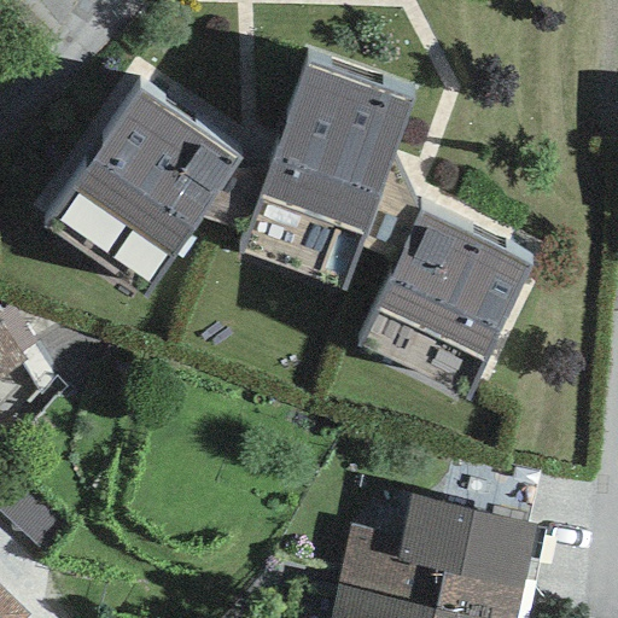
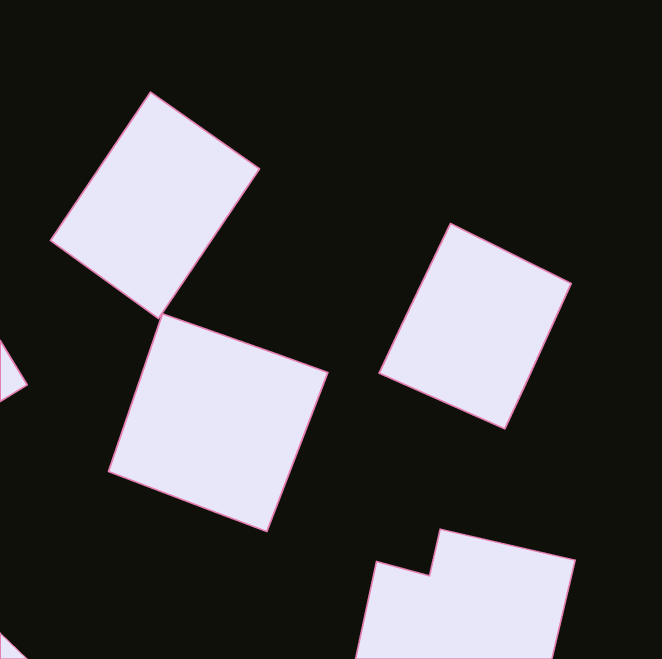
building: [238,58,414,290] -> none
building: none -> [109,314,328,532]

